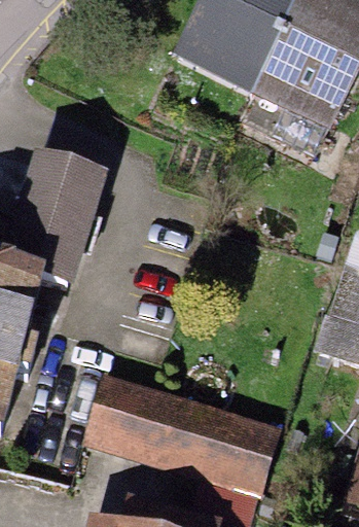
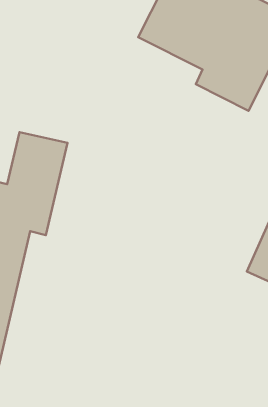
building: [86,376,267,501] -> none

